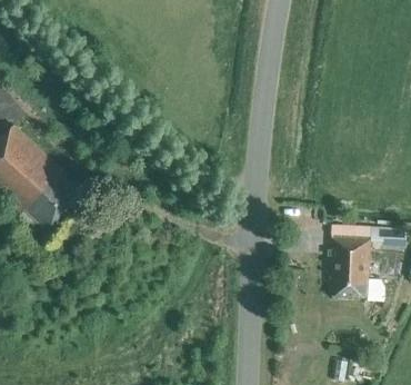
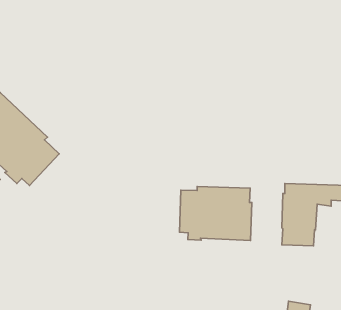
building: none -> [179,187,252,240]

